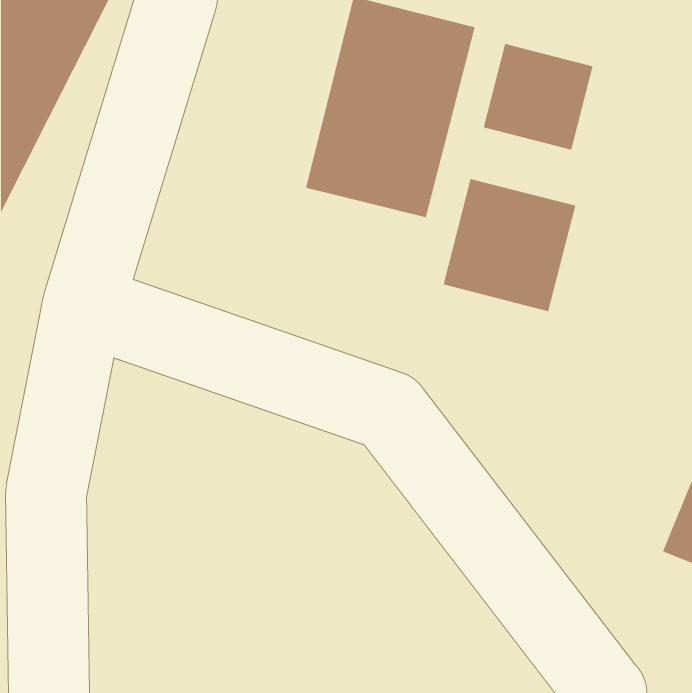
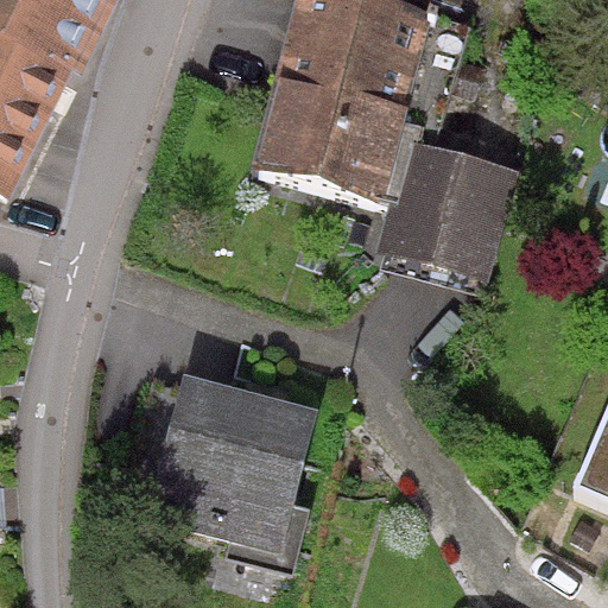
building: [483,43,593,150] -> none
building: none -> [156,392,305,544]

